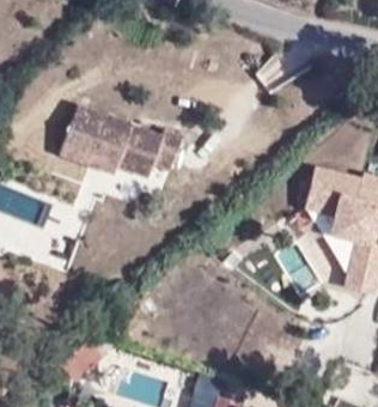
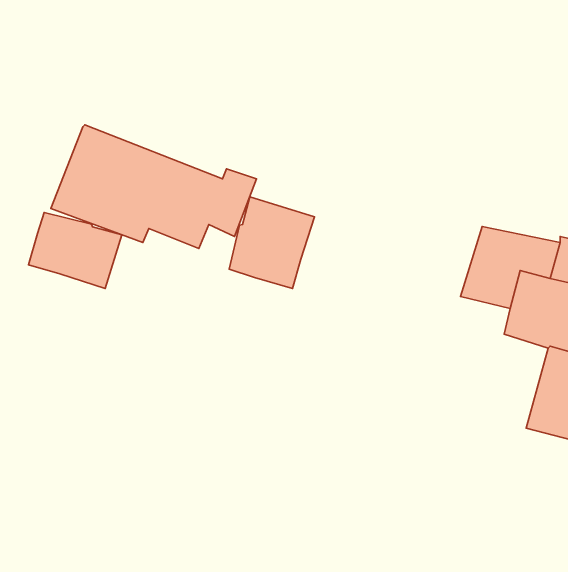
building: none -> [229,197,315,288]
building: none -> [28,212,122,288]

